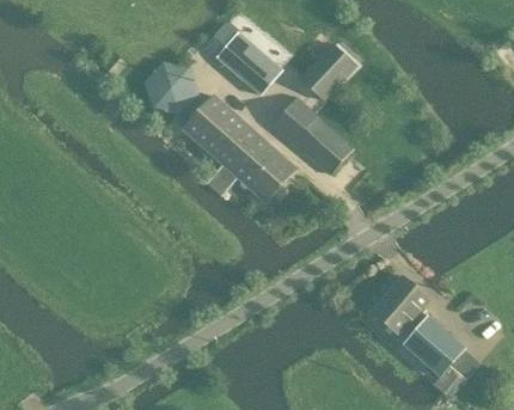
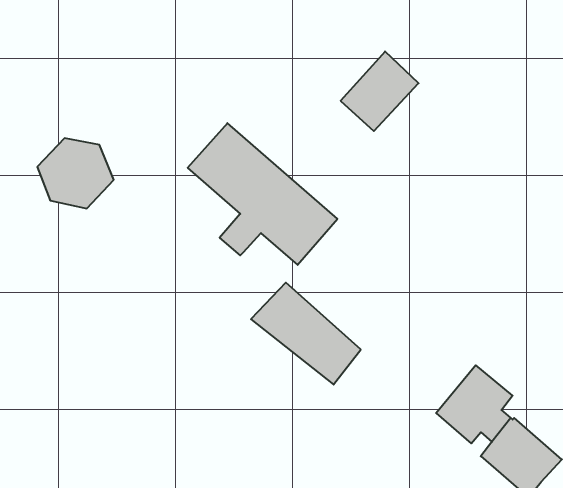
building: [215,31,282,96] -> none
building: [153,66,210,118] -> [37,138,114,208]
building: [270,98,353,175] -> [251,283,361,385]

